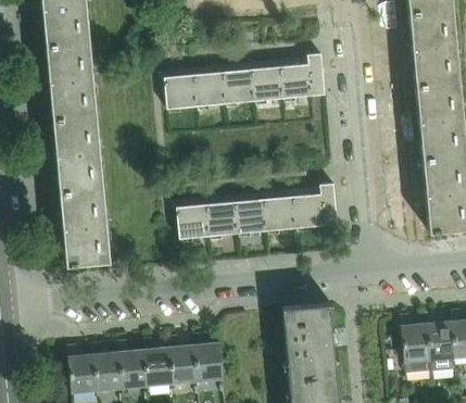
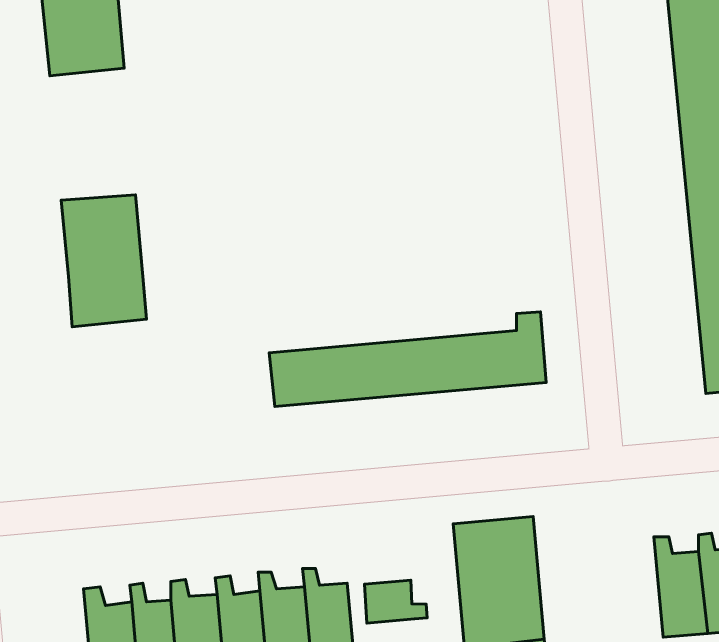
building: [47,41,97,118] -> none
building: [165,54,326,109] -> none
building: [60,188,110,265] -> none
building: none -> [365,580,427,623]

